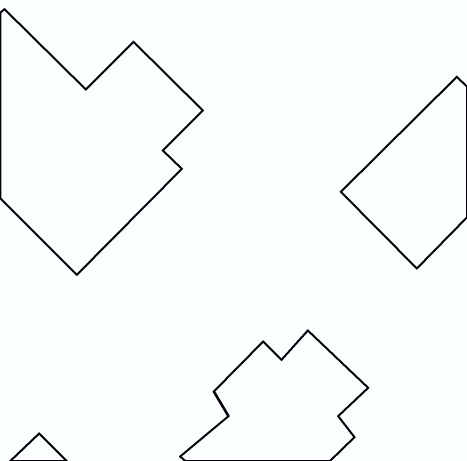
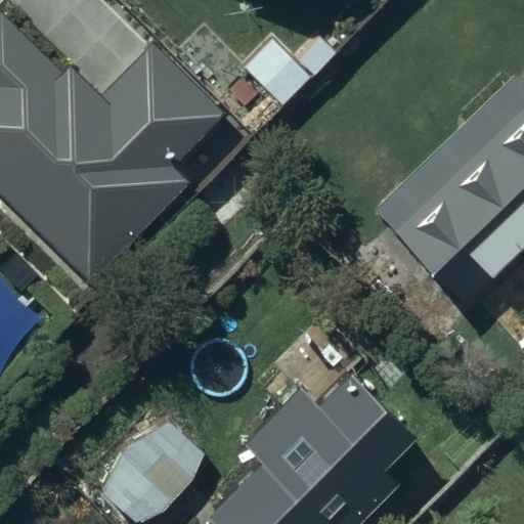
building: none -> [106,402,205,505]

